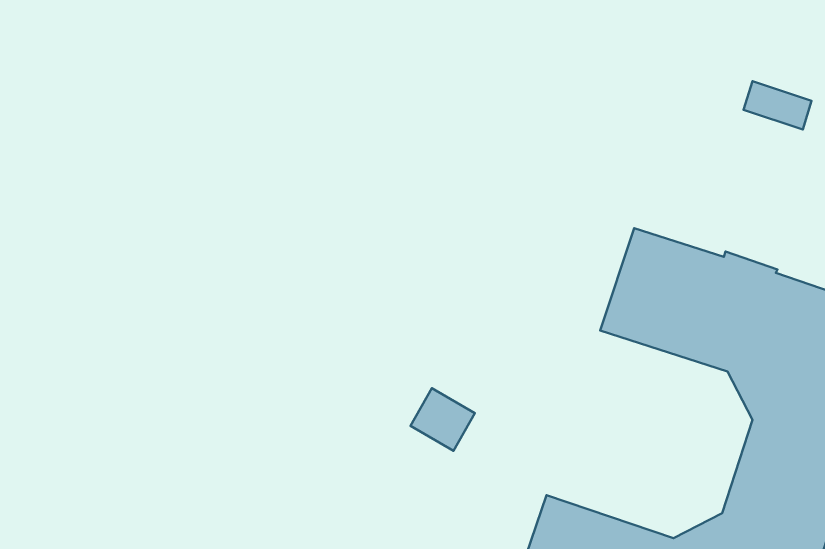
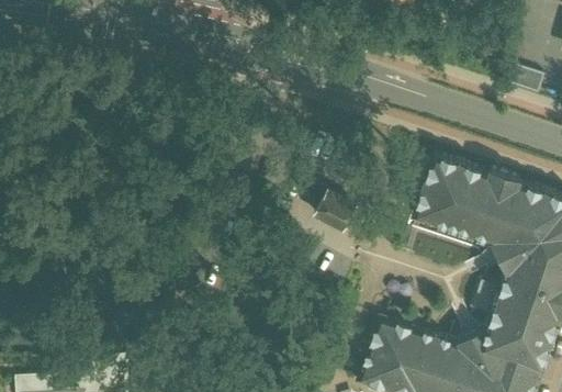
building: [410,388,475,451] -> [316,191,356,229]

